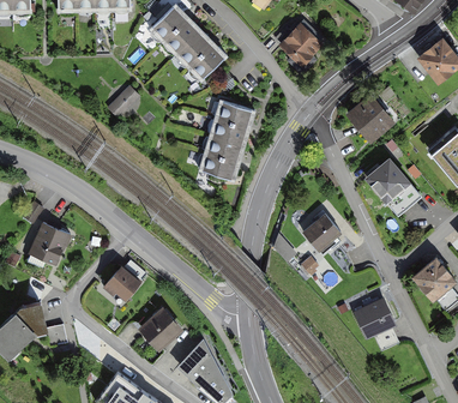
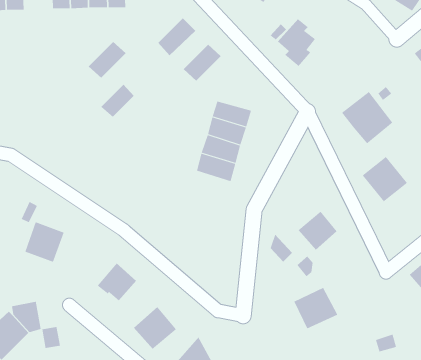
building: [149,7,187,44] -> [88,41,127,79]
building: [174,32,212,71] -> none
building: [352,296,397,338] -> [293,287,338,329]

